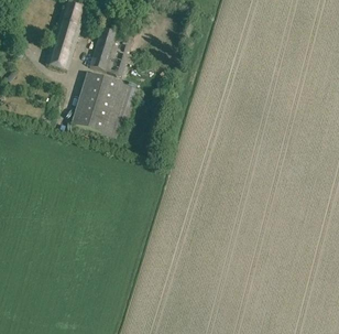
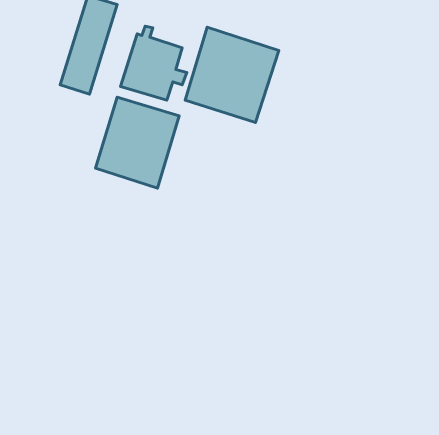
building: none -> [185,27,279,122]

